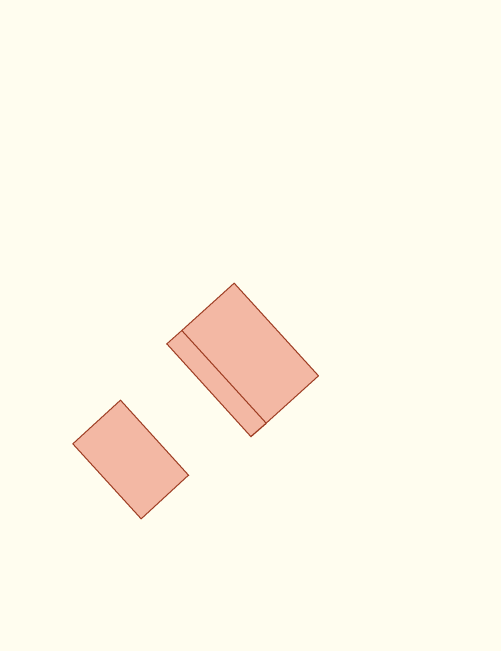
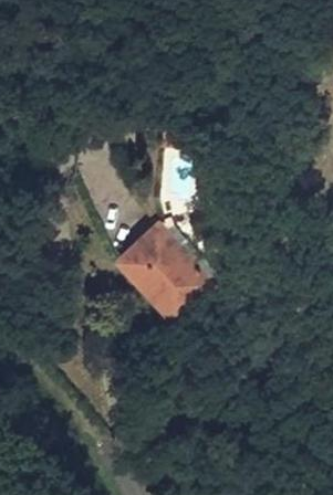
building: [73,400,189,519] -> none

